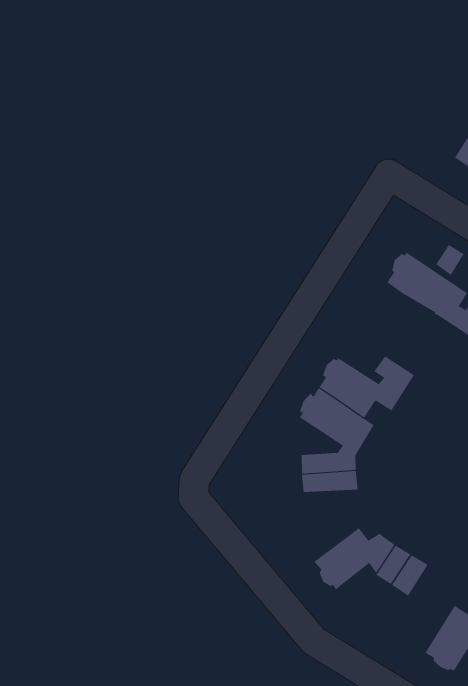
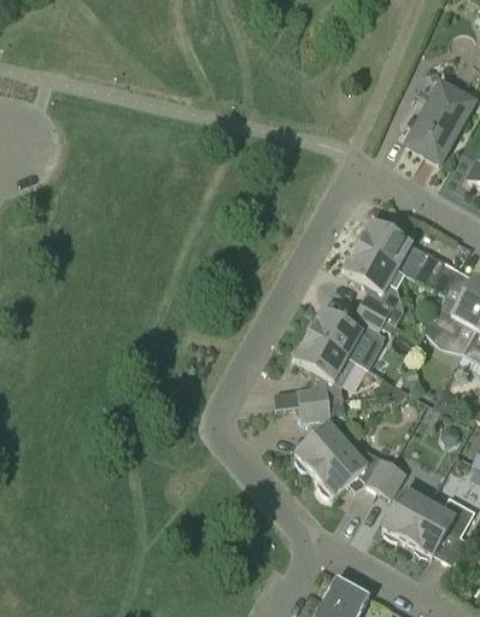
building: none -> [344,246,405,324]
building: none -> [294,423,349,475]
building: none -> [382,488,429,542]

